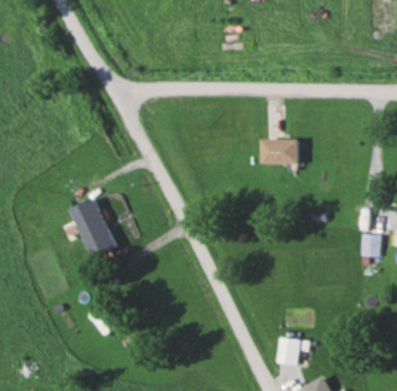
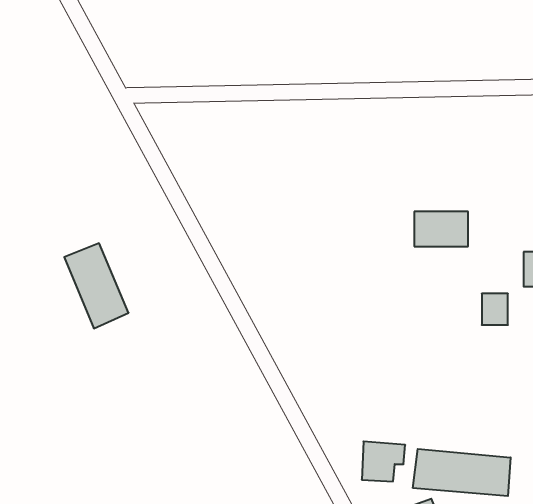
building: [259,139,297,163] -> [414,212,468,246]
building: none -> [413,449,511,496]

